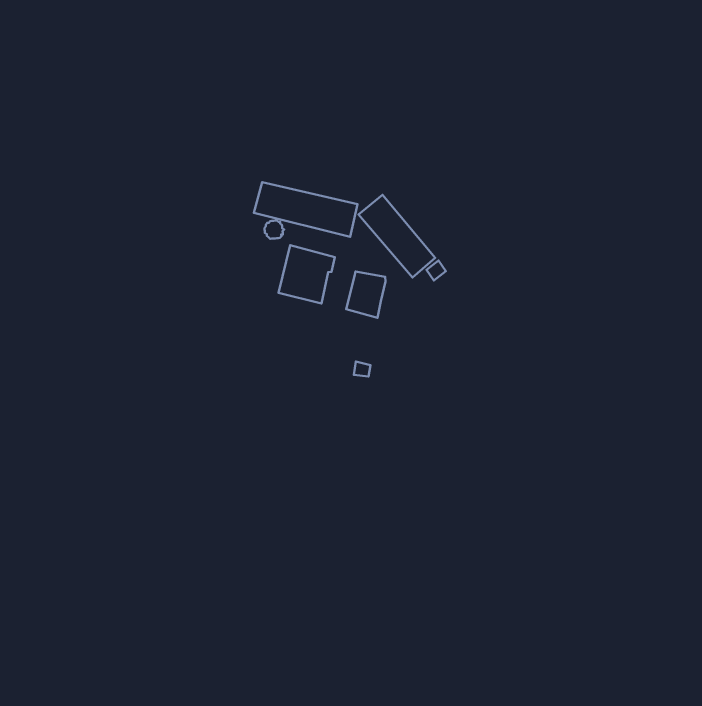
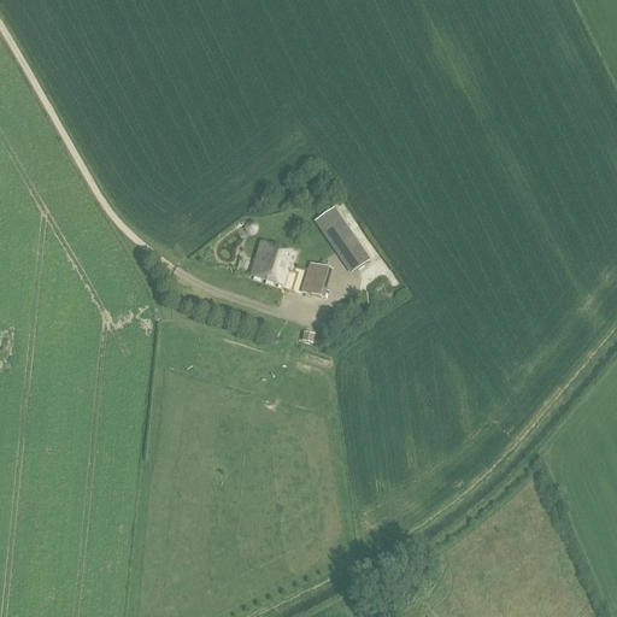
building: [254,182,357,237] -> none

